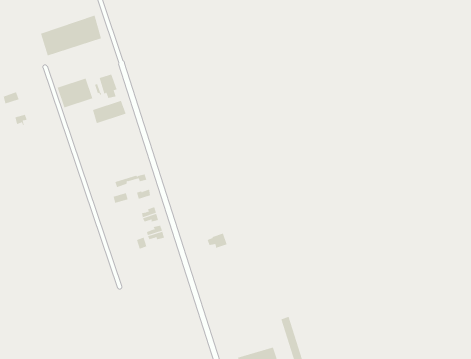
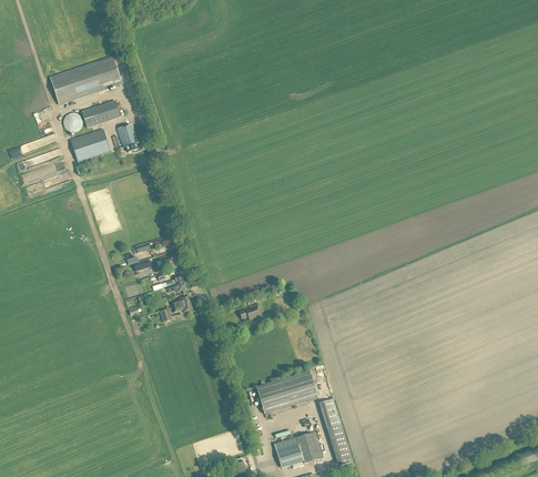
building: [92,100,126,124] -> [81,100,120,126]
building: none -> [255,371,317,414]

